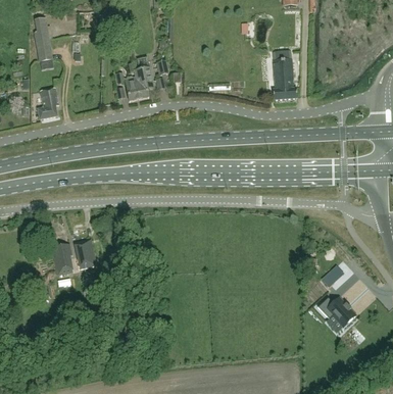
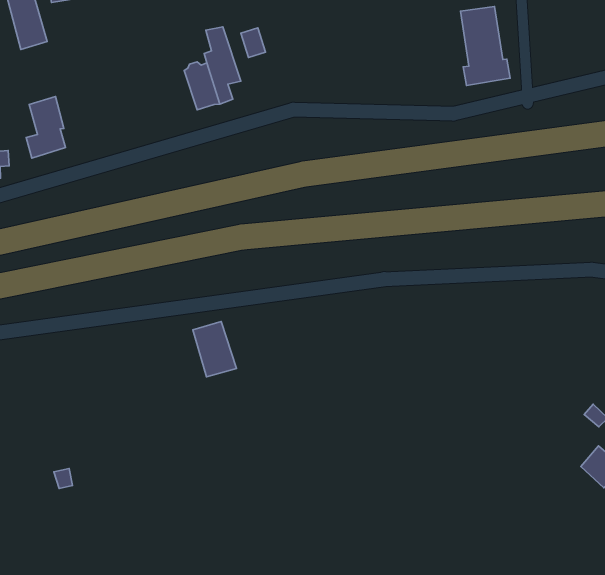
building: [76,238,97,266] -> [193,322,237,377]
building: [52,243,72,274] -> none

